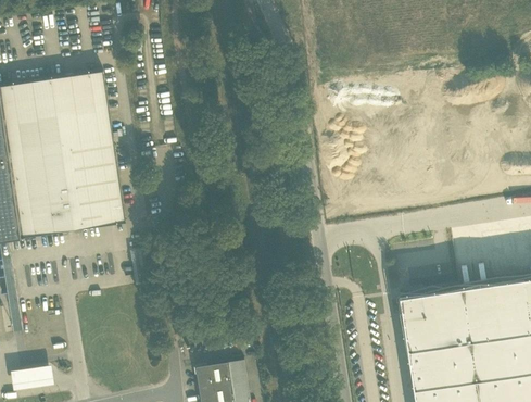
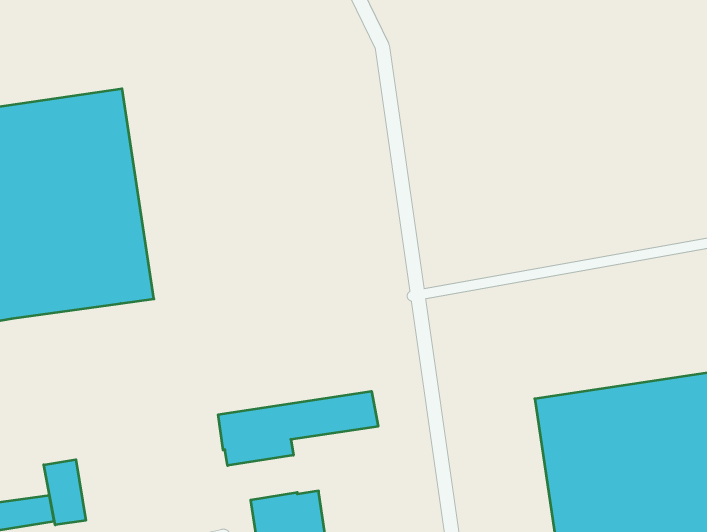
building: none -> [218,391,378,466]
building: none -> [44,460,86,525]

